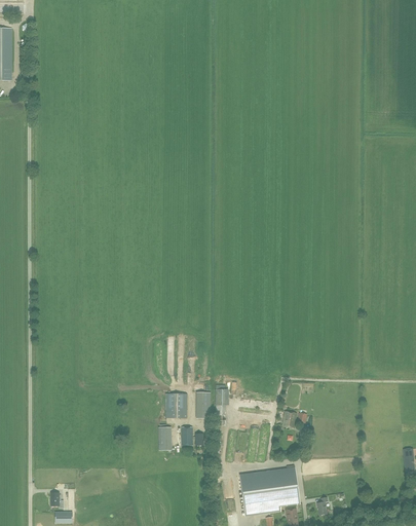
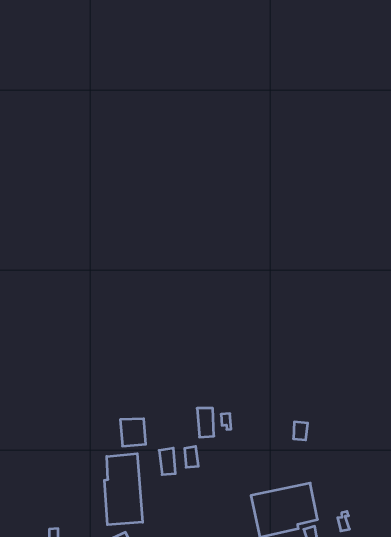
building: [165,391,187,416] -> [120,419,146,446]
building: none -> [104,454,143,525]

